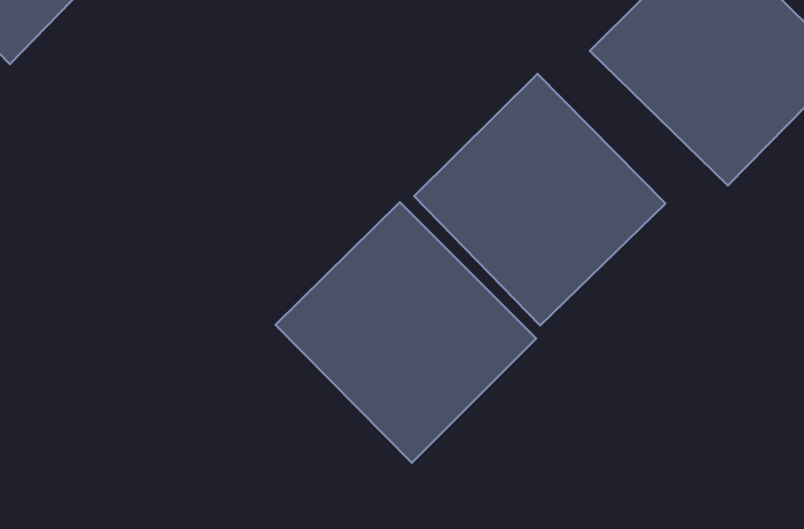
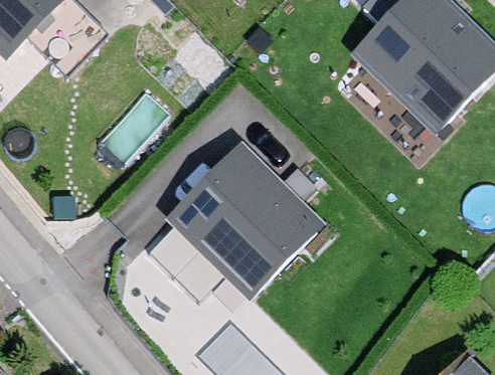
building: [414,74,665,326] -> none

